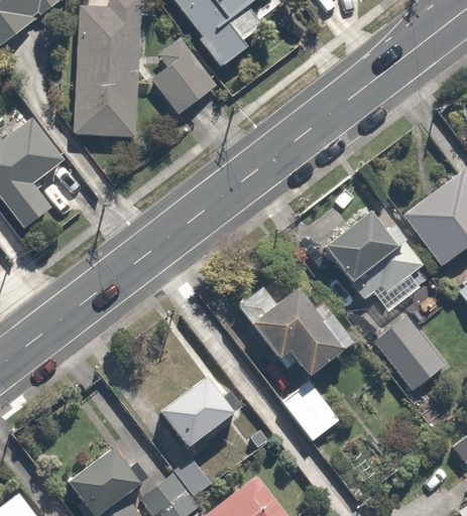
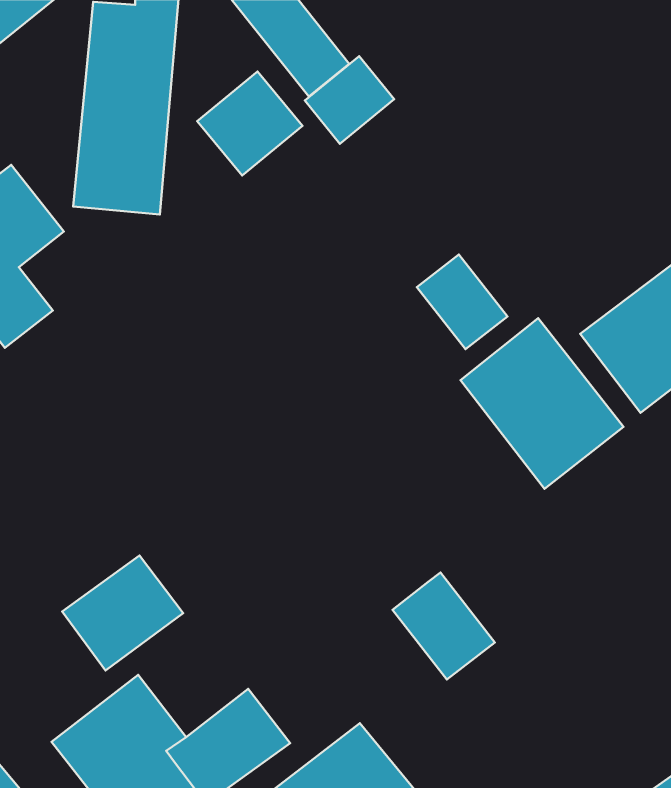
building: none -> [305,56,394,144]
building: none -> [417,255,508,349]
building: [250,278,350,381] -> none
building: [373,313,447,389] -> none
building: [155,370,234,444] -> [62,556,183,670]

